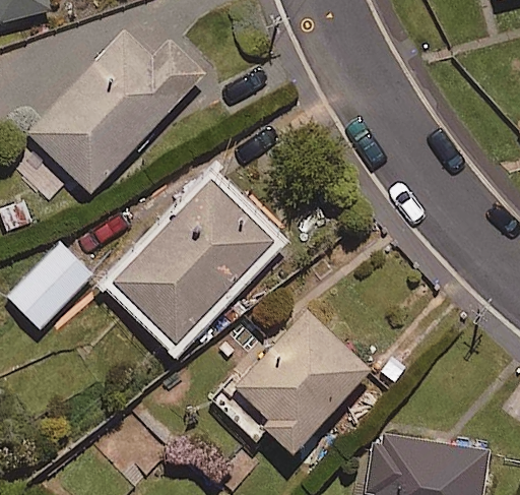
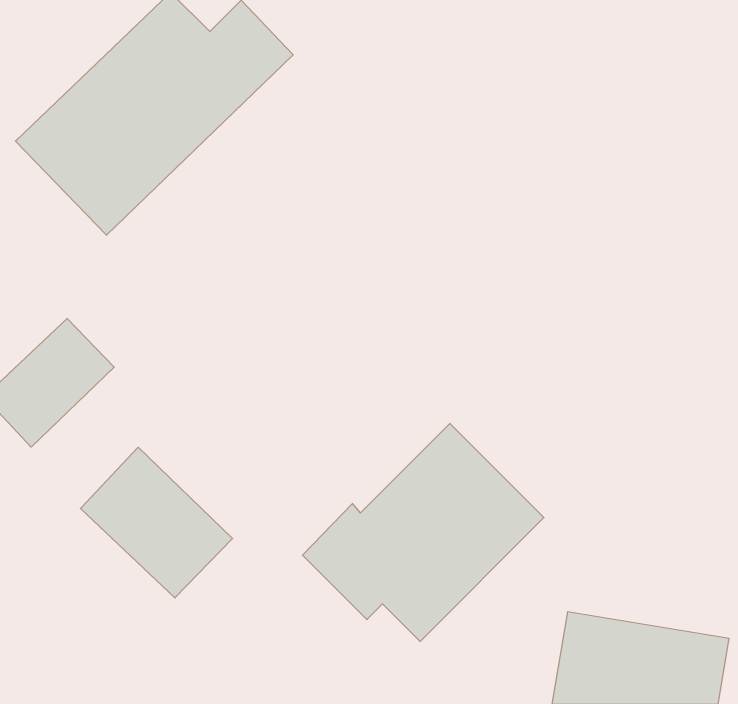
building: [114,184,270,360] -> none
building: none -> [80,447,233,598]

